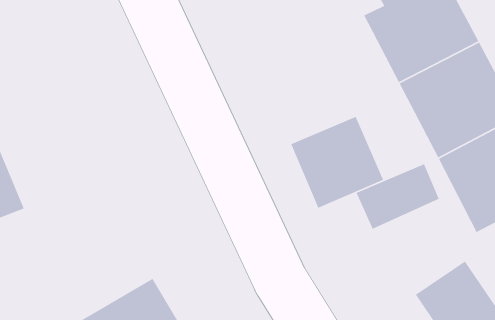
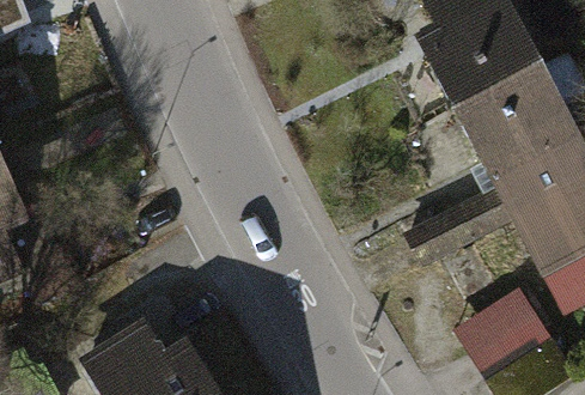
building: [290,116,384,209] -> none

